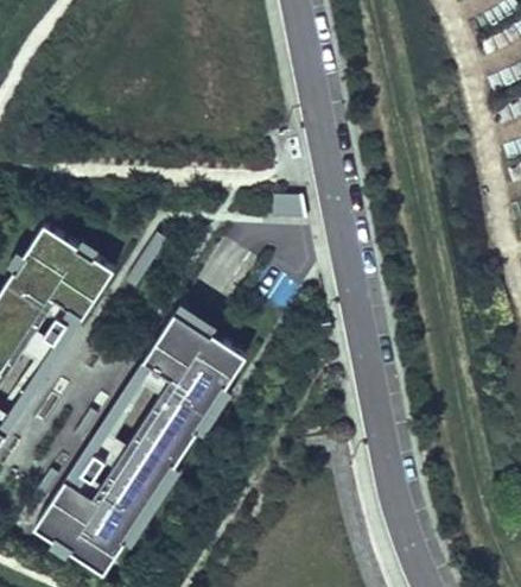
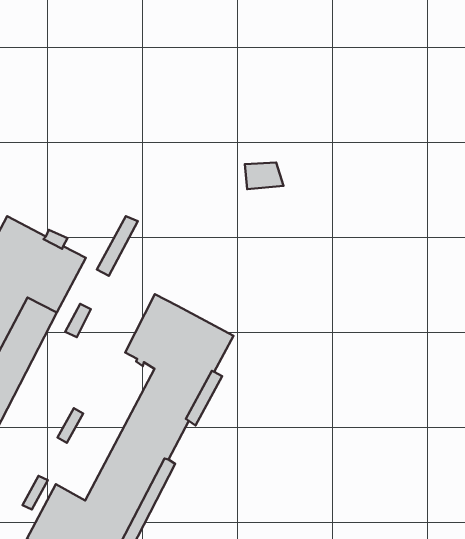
building: [64,364,167,499] -> none

